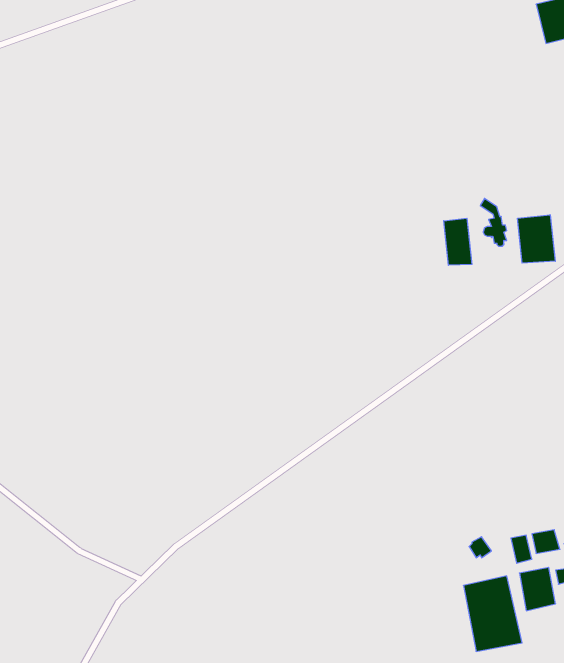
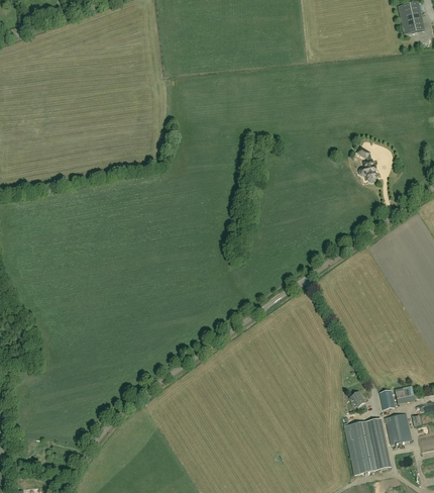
building: [518,215,555,263] -> none
building: [444,218,472,265] -> none

